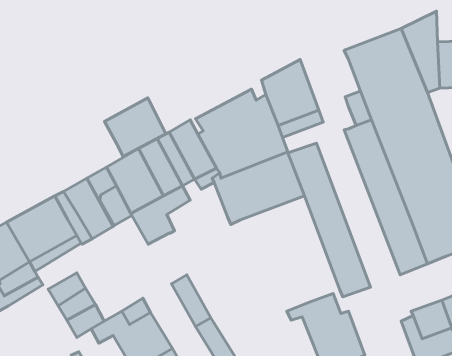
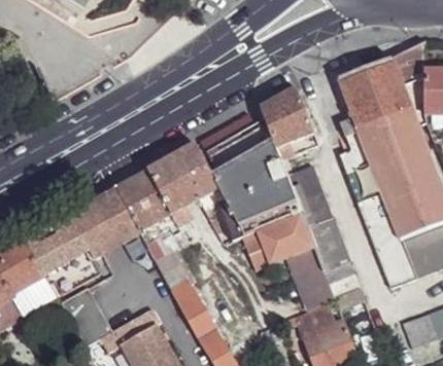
building: [104,98,166,157] -> none
building: none -> [241,213,334,310]
building: none -> [155,248,192,295]

